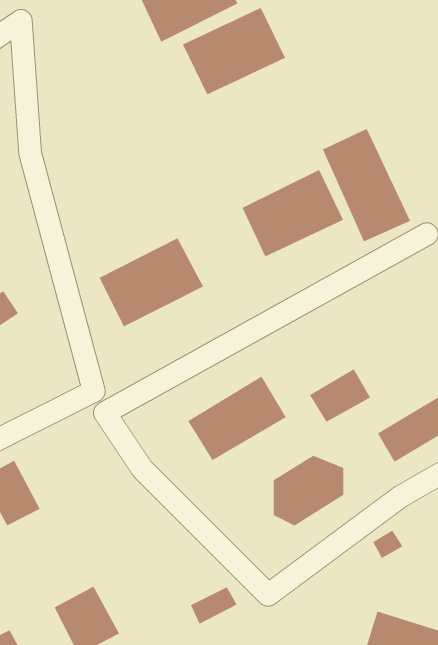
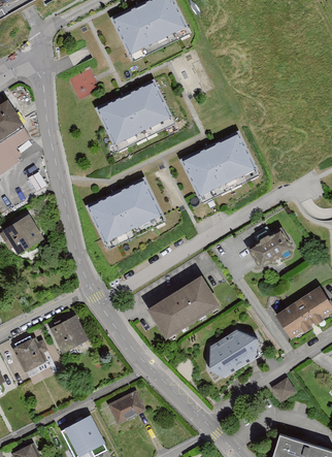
building: [182,7,286,96] -> [103,87,172,145]
building: [322,128,411,243] -> none
building: [309,368,371,423] -> [250,229,291,265]
building: none -> [58,319,85,346]
building: [190,586,238,625] -> [111,393,143,419]

